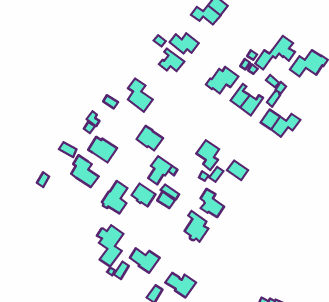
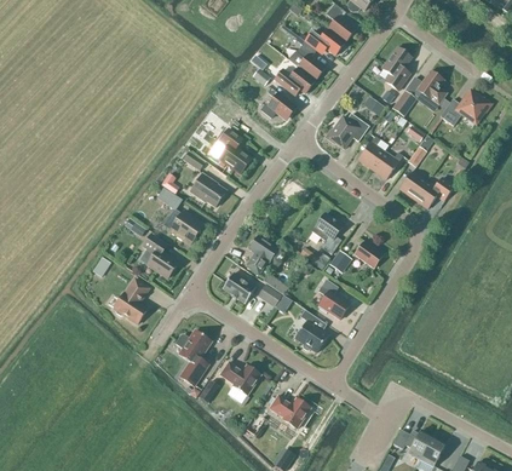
building: none -> [289,41,326,80]
building: none -> [382,47,410,90]
building: [137,126,163,151] -> [190,173,226,207]
building: [102,181,128,214] -> [114,278,149,323]

